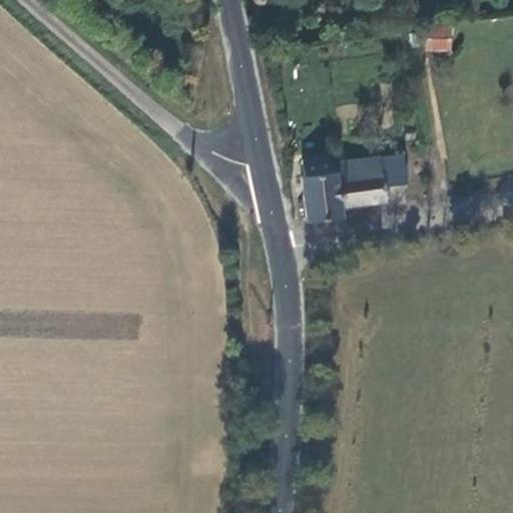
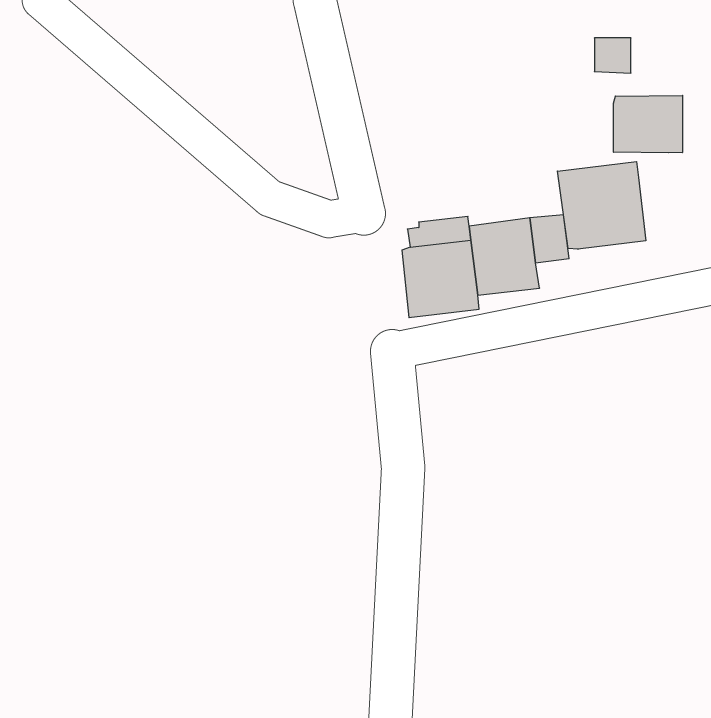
building: none -> [614,95,683,153]
building: none -> [557,162,646,249]

